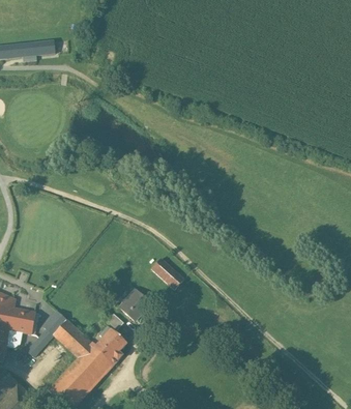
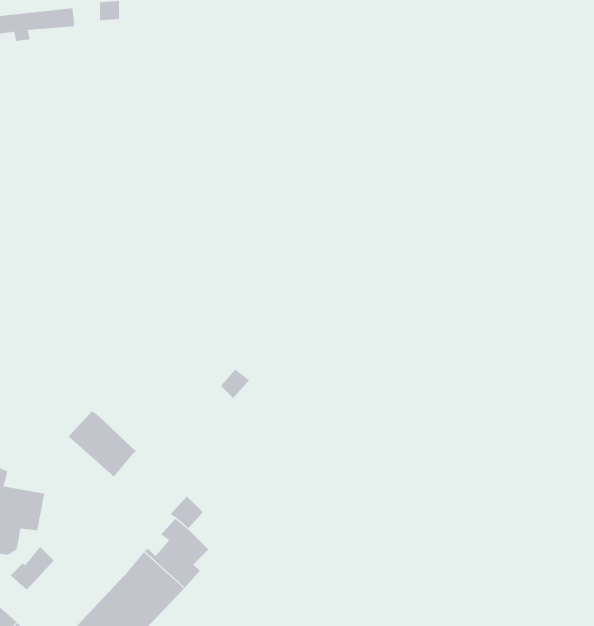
building: [151,257,185,290] -> none
building: [119,289,151,321] -> none
building: [53,320,91,357] -> [68,410,137,477]

